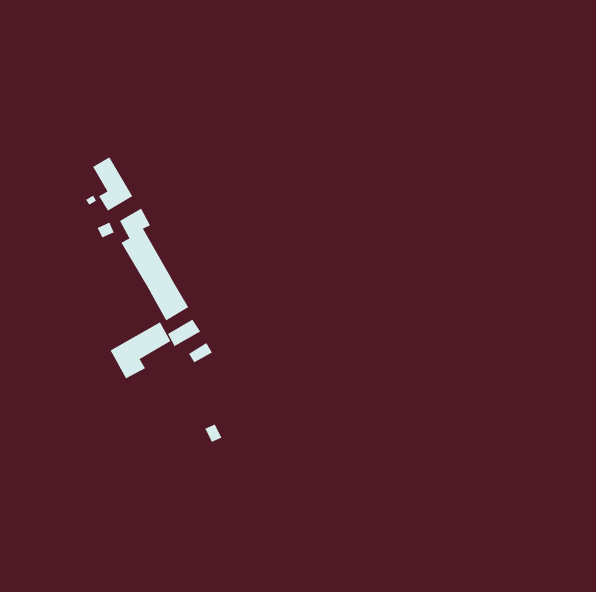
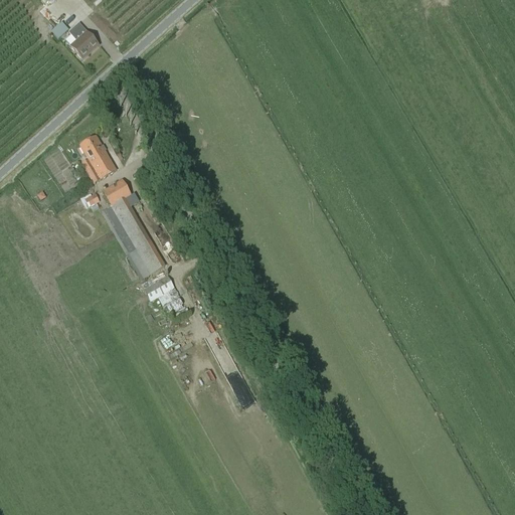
building: none -> [69,21,99,57]
building: [110,322,171,379] -> none

